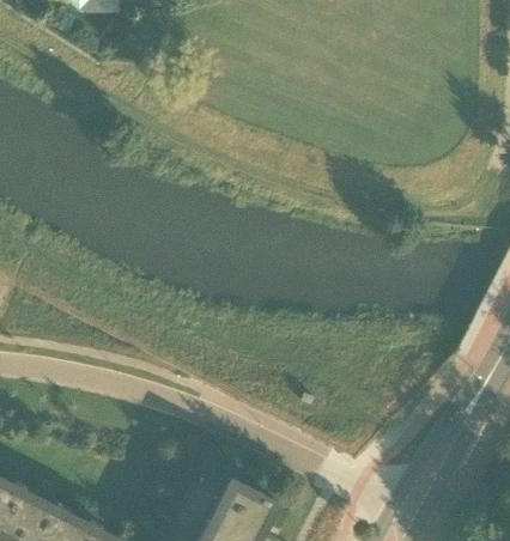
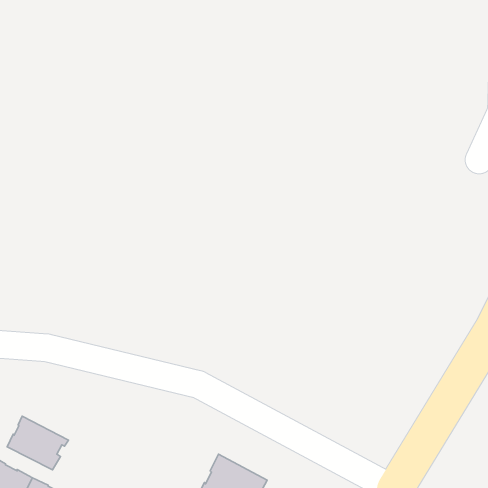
building: none -> [7,416,68,470]

